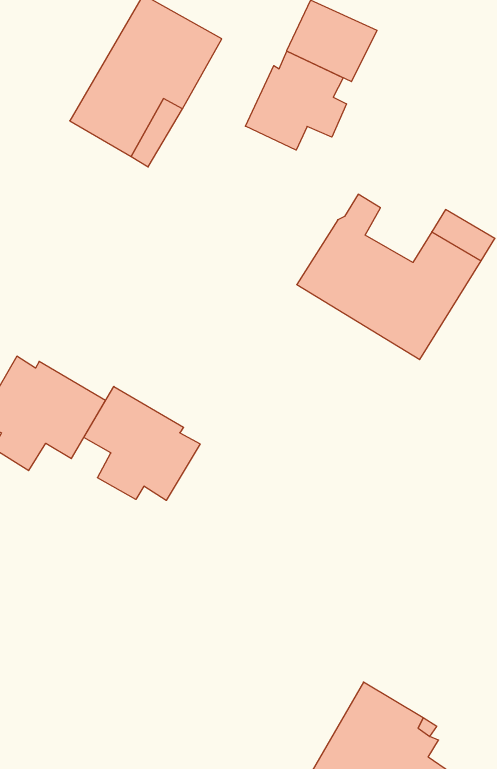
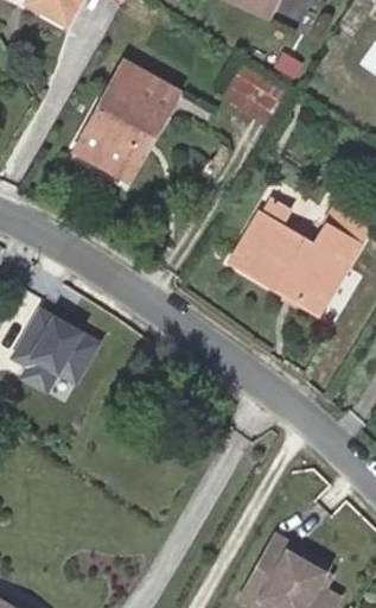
building: [245,51,346,150] -> none
building: [84,386,200,500] -> none

